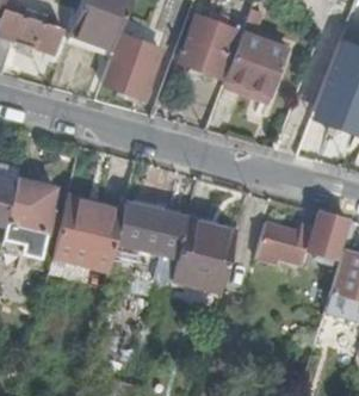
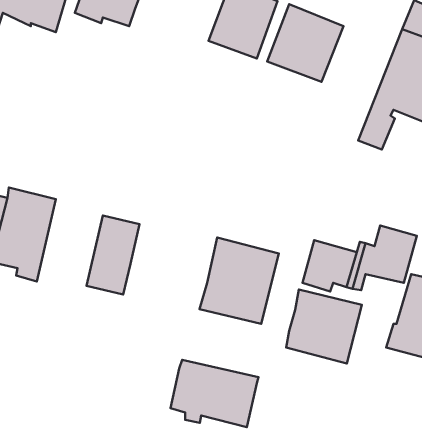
building: [101,35,162,99] -> none
building: [54,197,93,260] -> none
building: [116,203,187,258] -> [170,360,259,427]
building: none -> [286,289,362,363]

